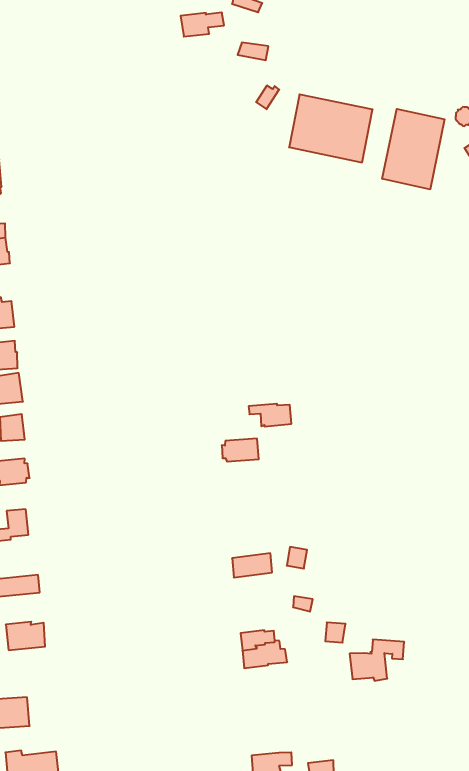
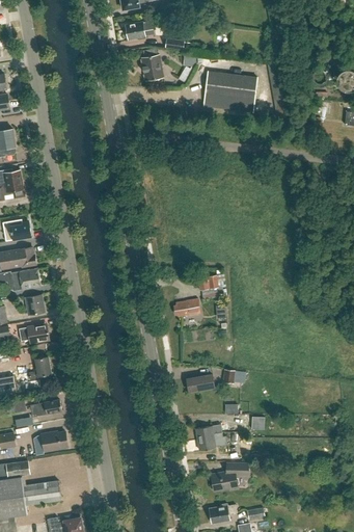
building: none -> [141,48,162,81]
building: [382,109,445,189] -> none
building: [350,640,404,681] -> [212,463,247,490]

